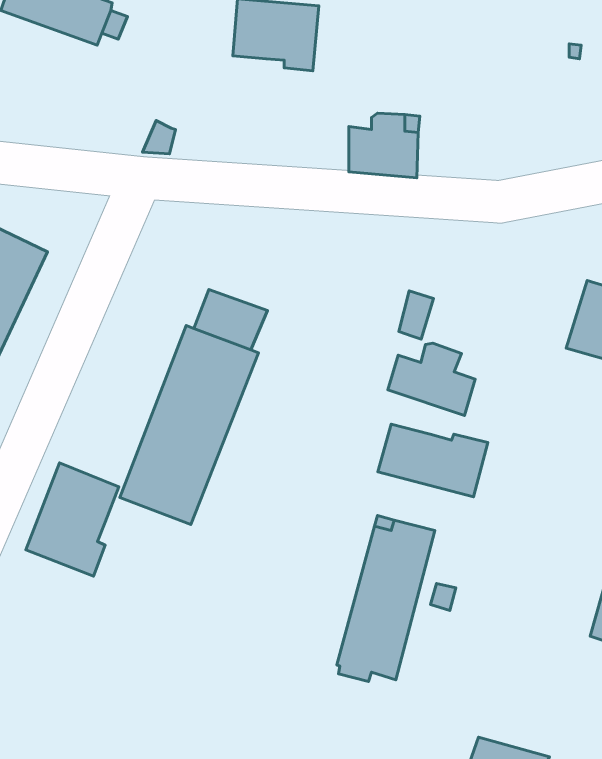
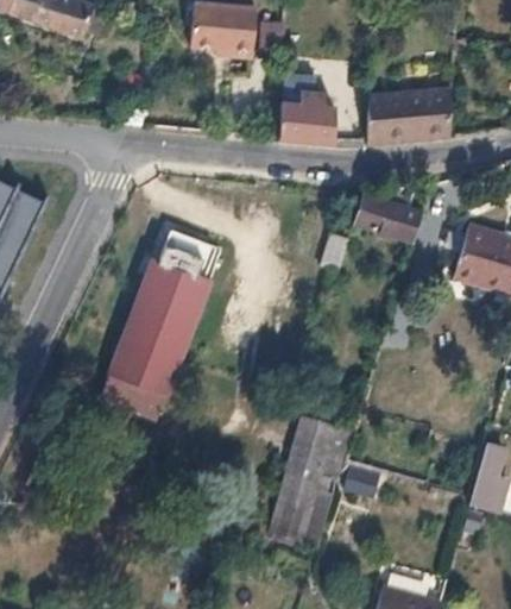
building: none -> [366,89,452,144]
building: [388,343,475,415] -> [352,186,421,243]
building: [378,424,488,497] -> none
building: [26,463,119,576] -> none

